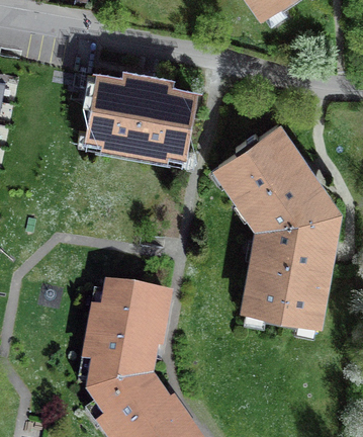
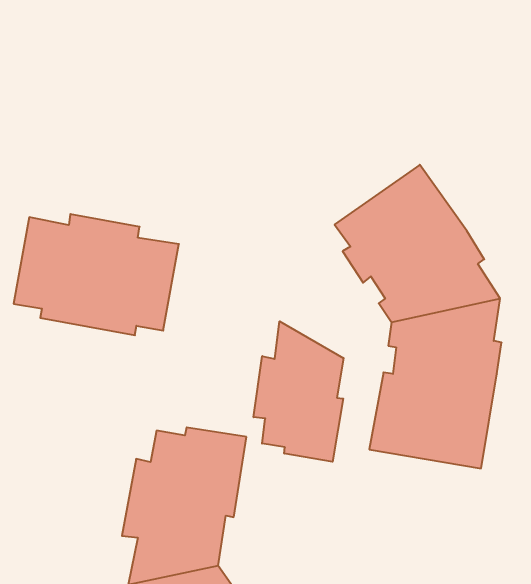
building: [87,73,193,151] -> [14,214,179,335]
building: none -> [254,321,344,462]

